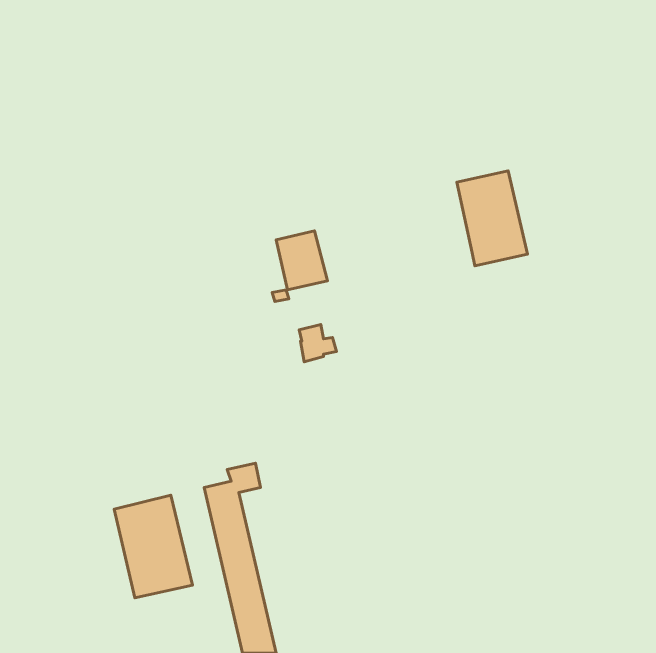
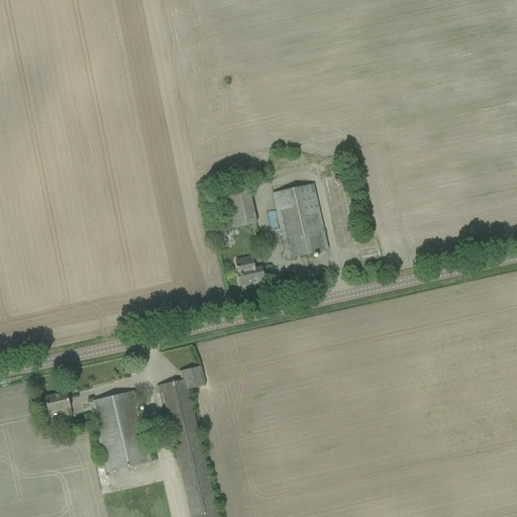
building: [457,171,527,266] -> [273,183,328,257]
building: none -> [44,391,72,416]

